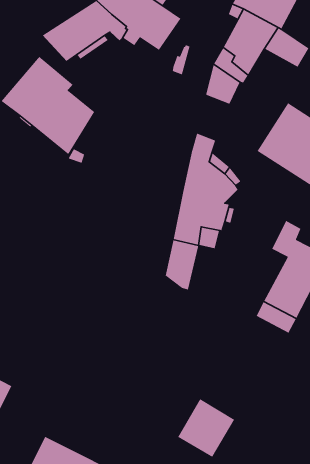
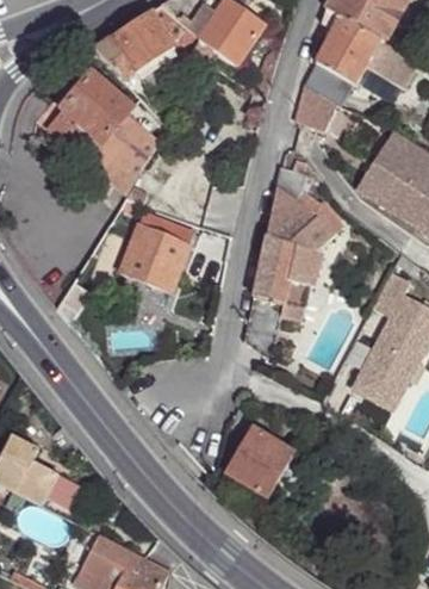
building: none -> [120,211,195,290]
building: [177,398,235,458] -> [225,424,296,497]

